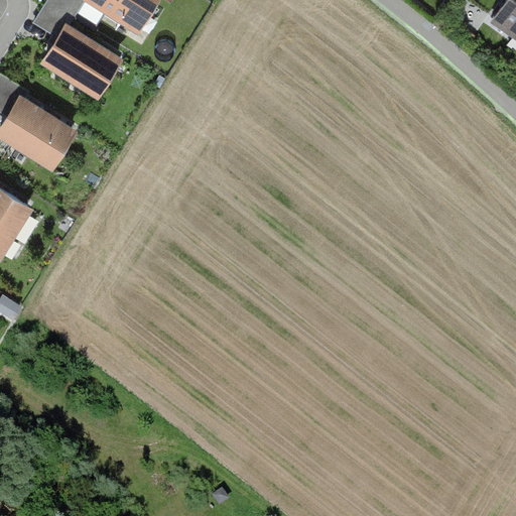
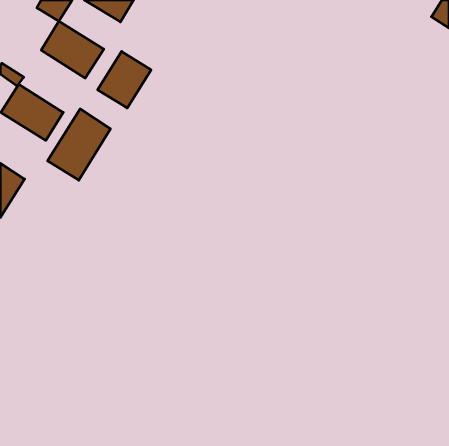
building: none -> [98,51,151,108]
building: none -> [48,109,110,180]

